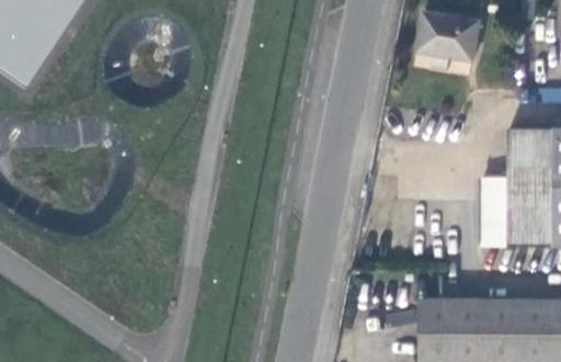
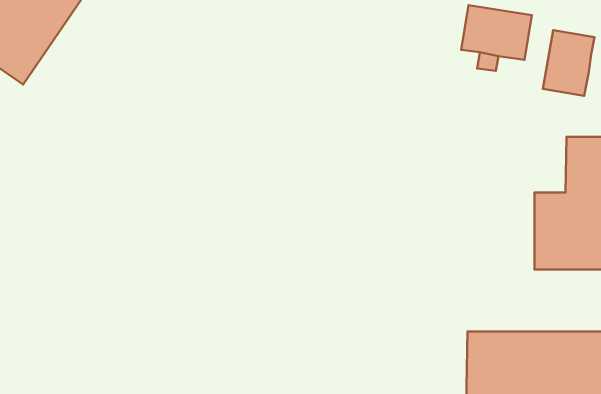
building: none -> [543,30,595,96]

